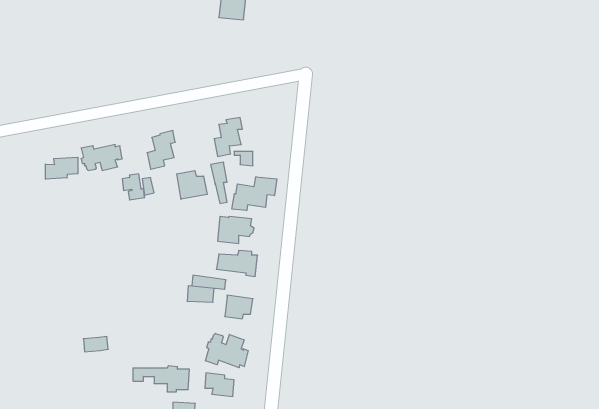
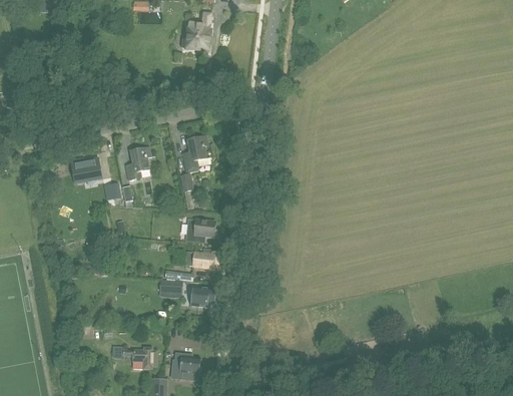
building: [45,157,78,179] -> none
building: [177,171,207,199] -> none
building: [232,177,277,211] -> none
building: [205,333,248,368] -> none

